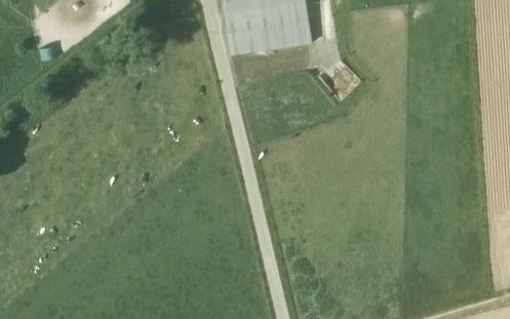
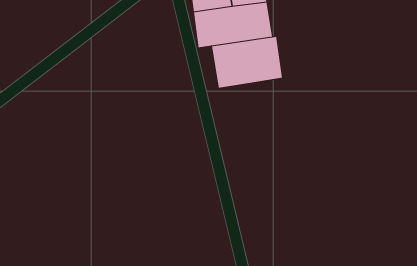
building: none -> [212,36,282,89]

